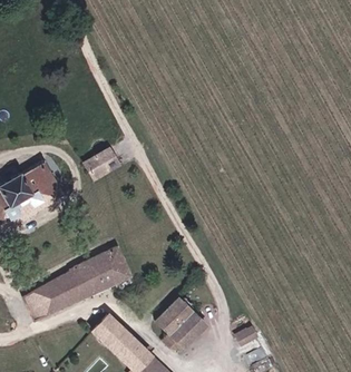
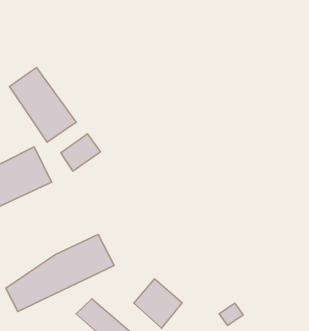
building: none -> [10,68,76,142]

